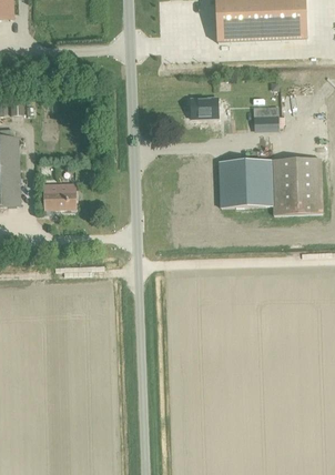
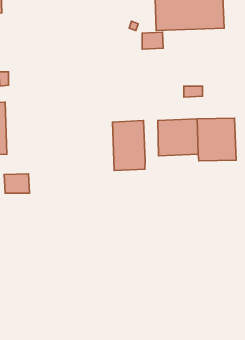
building: [191,95,219,118] -> [142,32,163,49]
building: none -> [113,121,145,170]
building: [43,182,77,208] -> [4,174,29,193]

